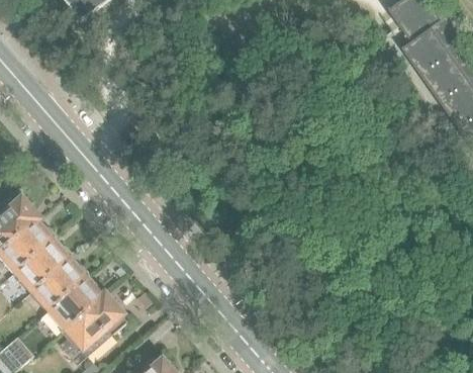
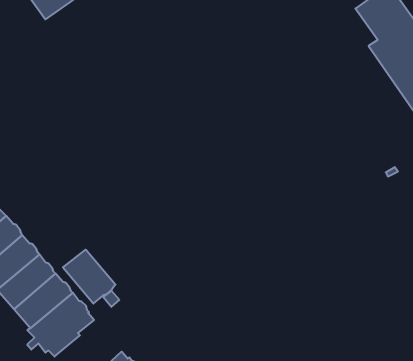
building: none -> [63,250,116,304]

